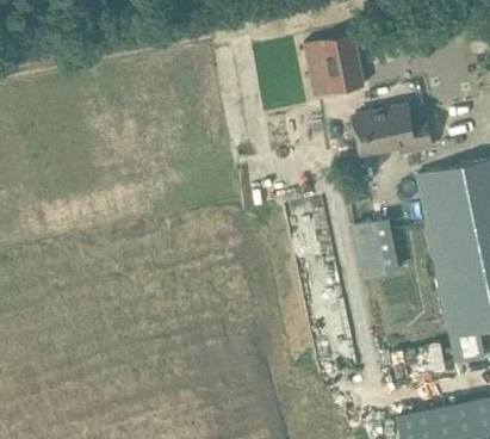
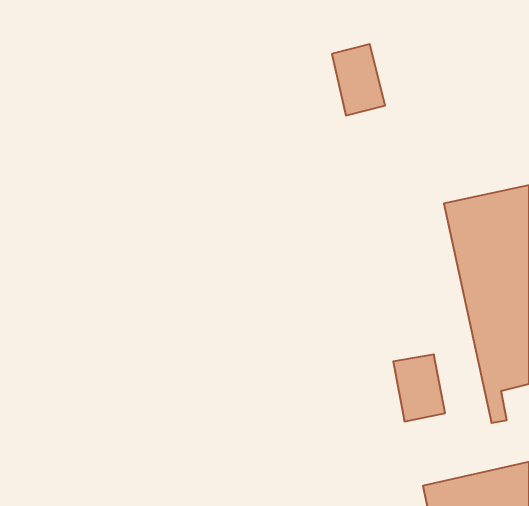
building: [354,105,432,155] -> none
building: [354,218,398,276] -> [393,354,445,421]

